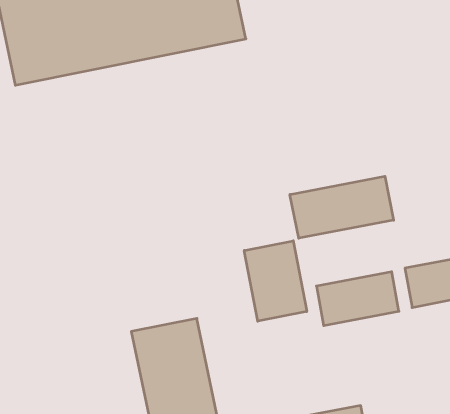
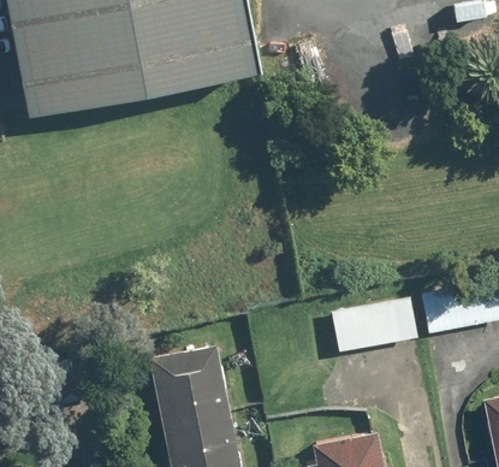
building: [290,176,394,238] -> none
building: [244,241,307,321] -> none

